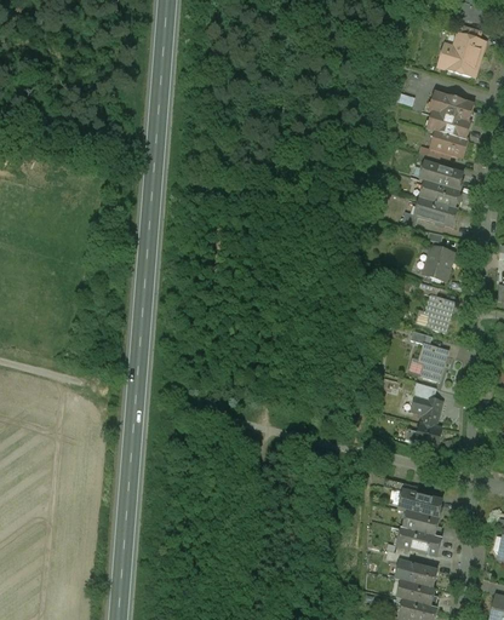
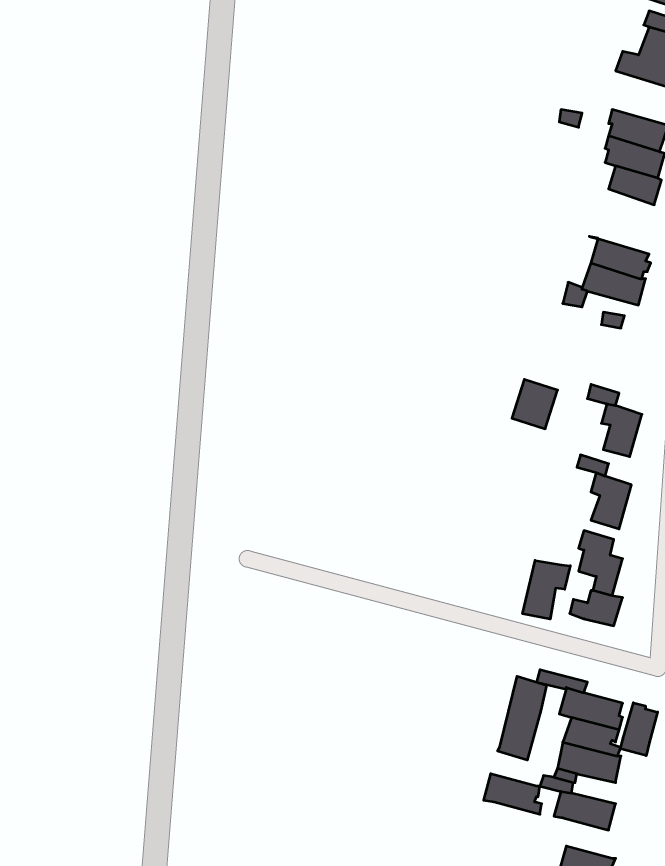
building: [418,162,462,193] -> none
building: [422,246,453,280] -> [512,379,558,429]
building: none -> [523,560,570,619]
building: none -> [498,676,547,760]
building: none -> [620,703,658,756]
building: [395,580,435,608] -> [484,774,542,814]

